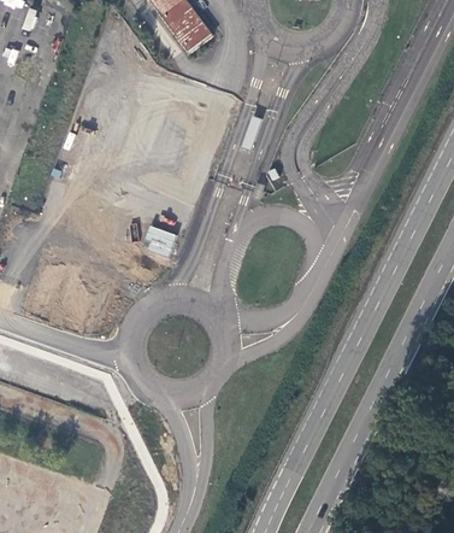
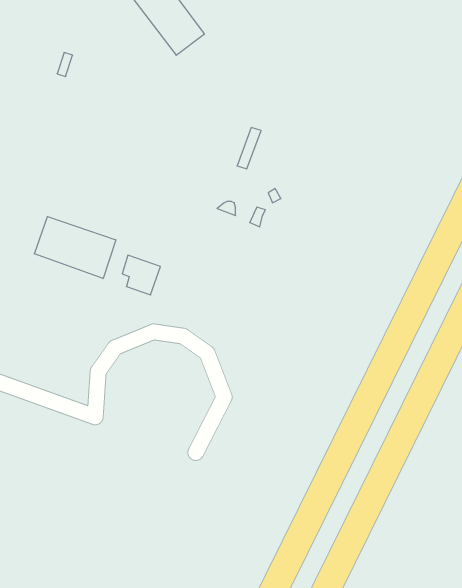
building: none -> [34,217,116,279]

